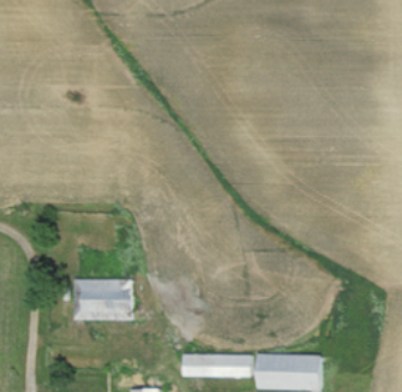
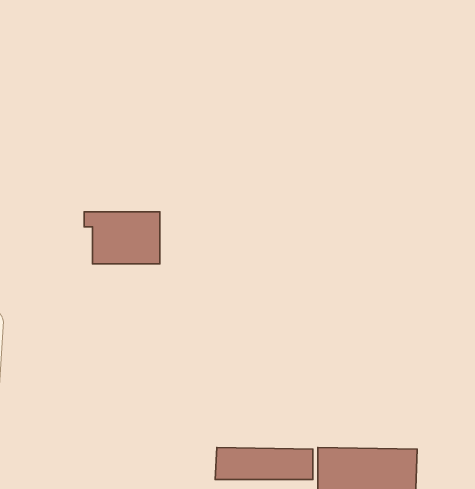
building: [77,279,131,316] -> [84,212,160,264]

